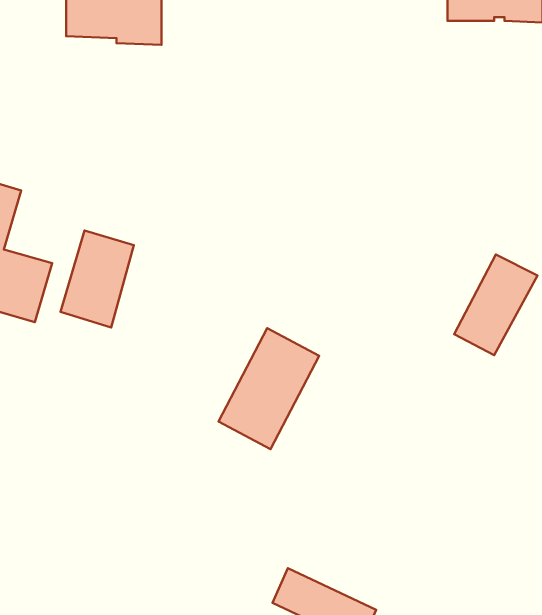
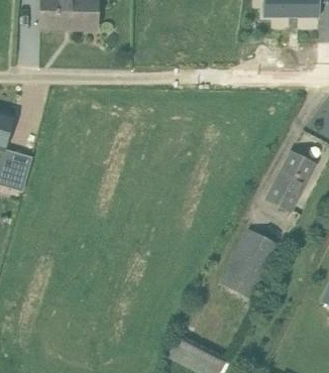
building: [61,231,134,328] -> none
building: [219,328,319,449] -> [221,229,280,299]

